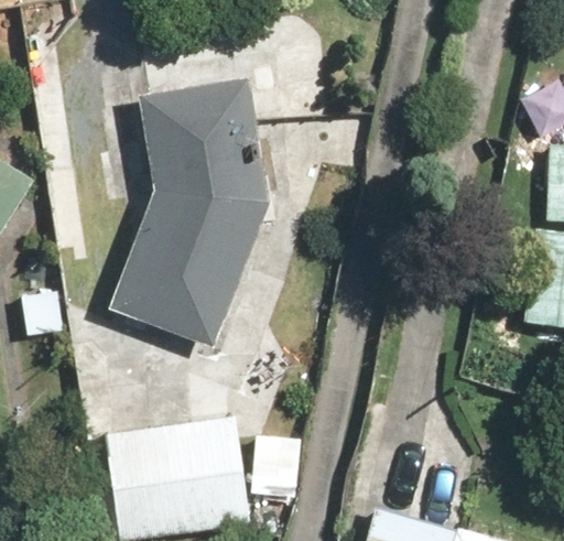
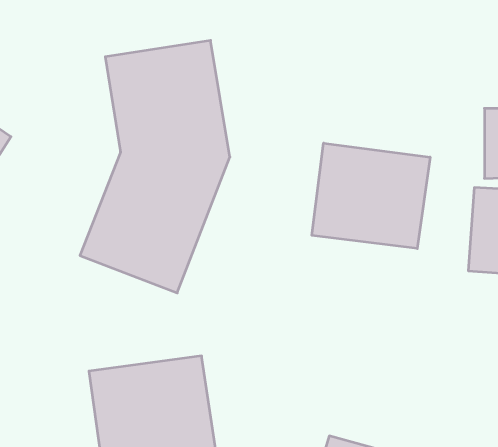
building: none -> [312,143,430,249]

